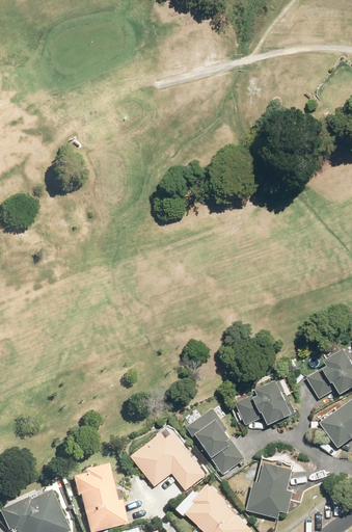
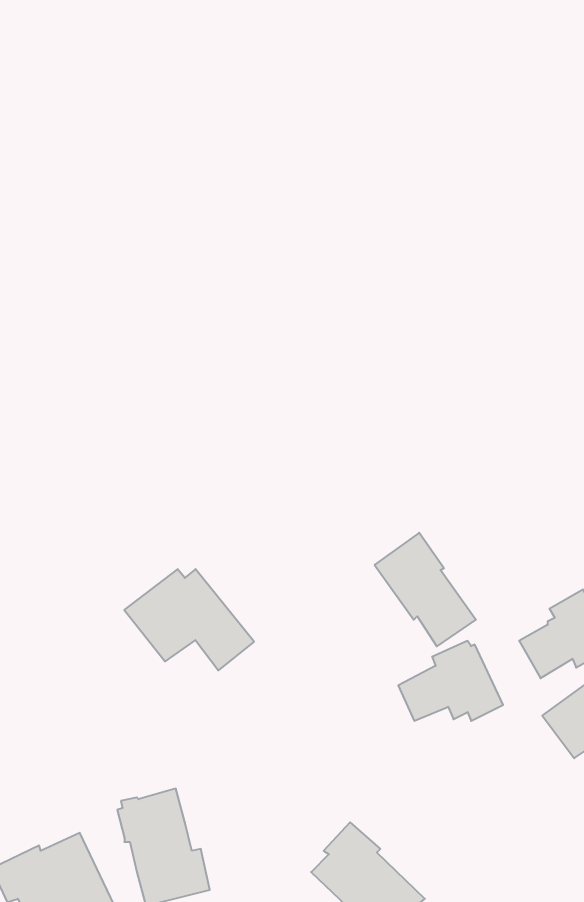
building: [186,408,245,475] -> [375,533,476,646]
building: [131,432,207,491] -> [124,569,254,670]
building: [246,460,293,518] -> none

